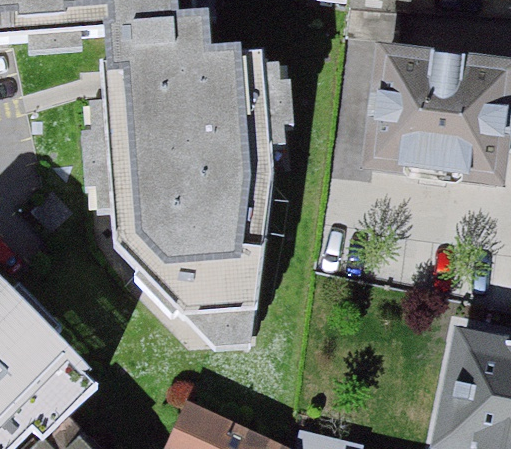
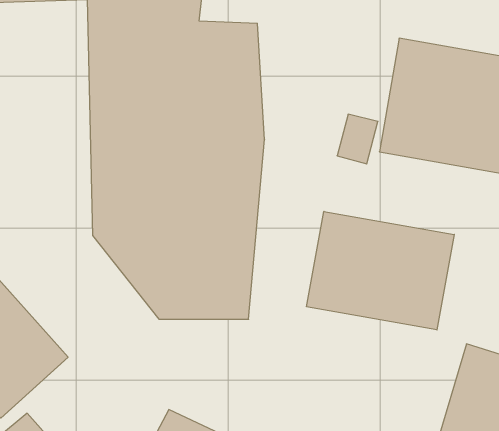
building: none -> [307,211,454,330]

